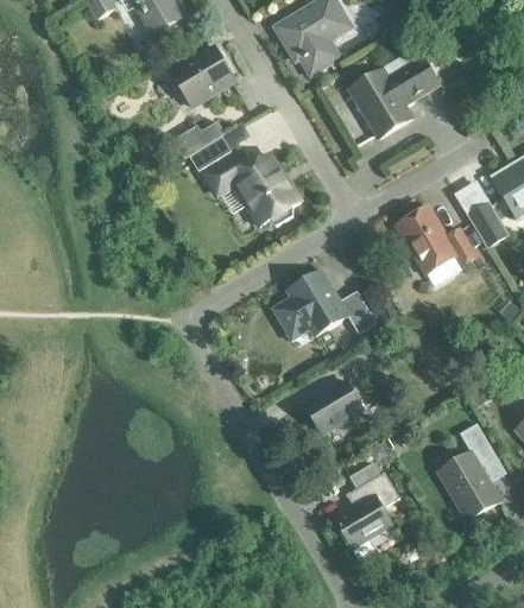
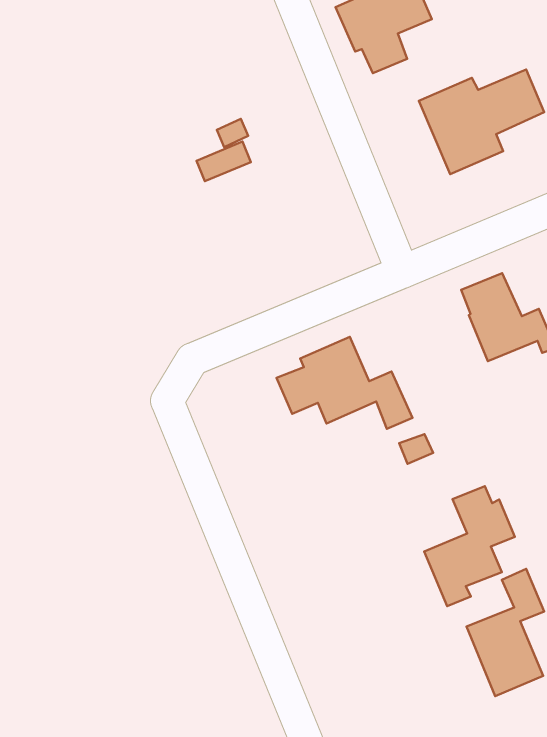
building: [171,46,234,106] -> none
building: [206,152,299,227] -> none
building: [304,380,362,433] -> none
building: [333,463,398,556] -> [424,486,515,606]

